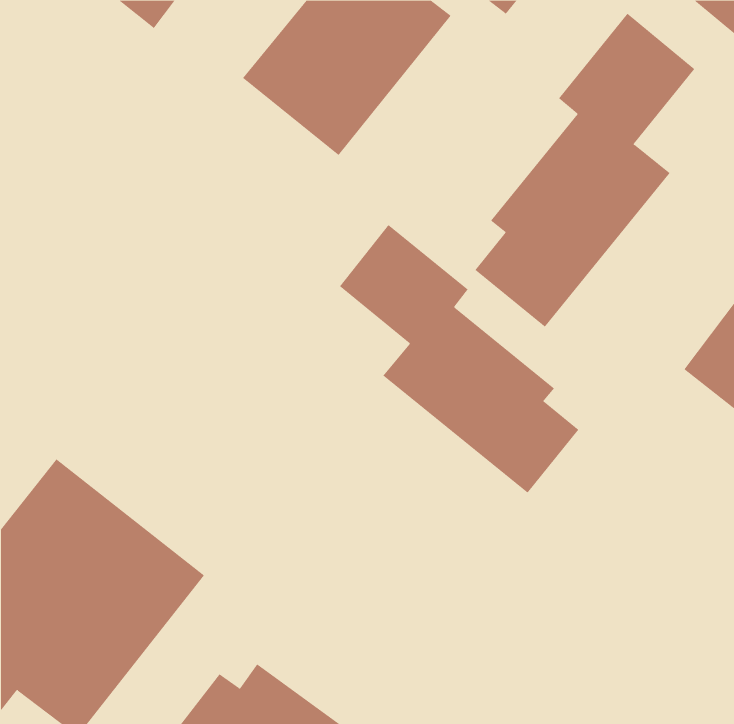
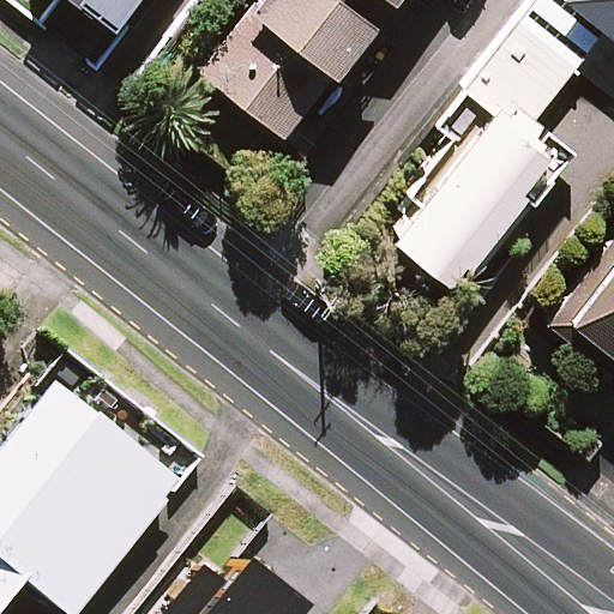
building: [339,224,579,494] -> none

